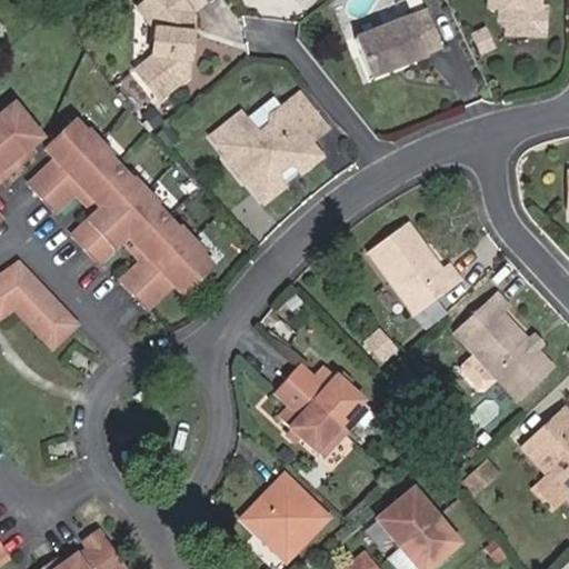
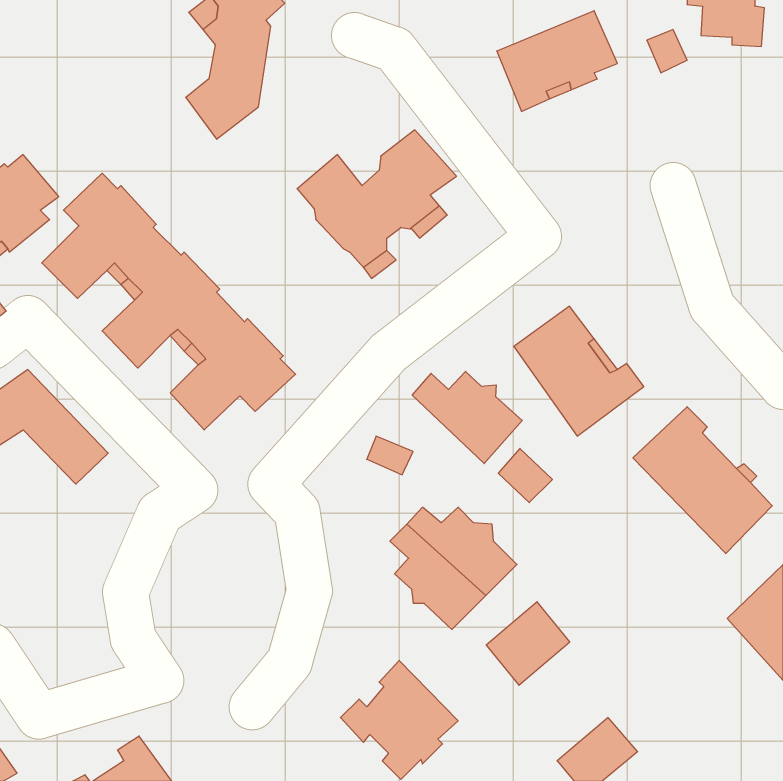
building: none -> [412,371,522,464]
building: [377,487,437,547] -> [486,602,570,685]

